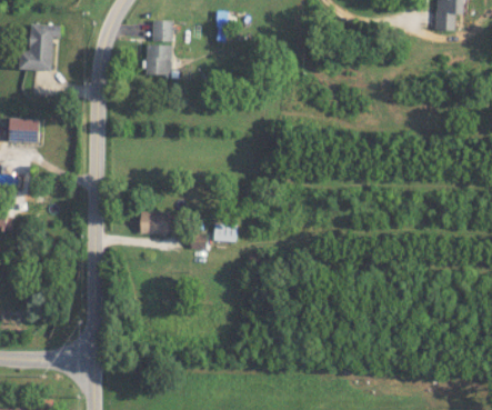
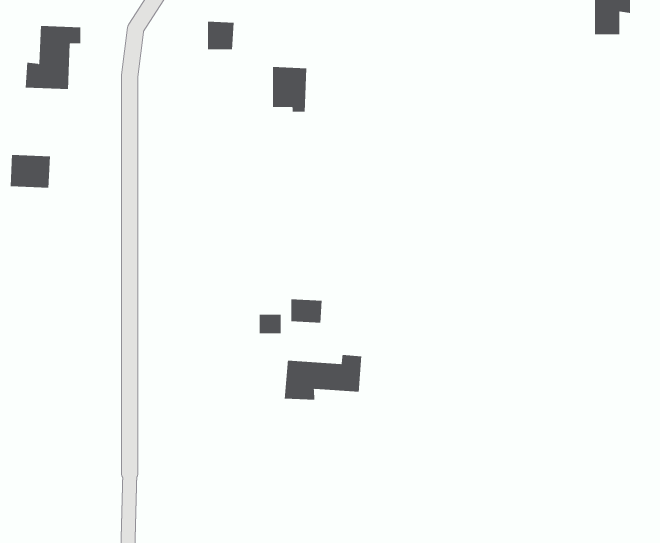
building: [147,44,172,78] -> [272,67,307,112]
building: [140,211,174,233] -> none
building: none -> [284,354,362,401]

